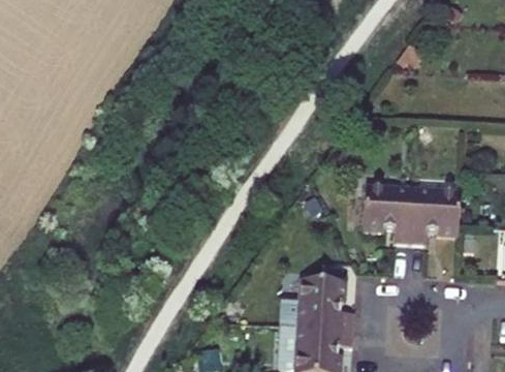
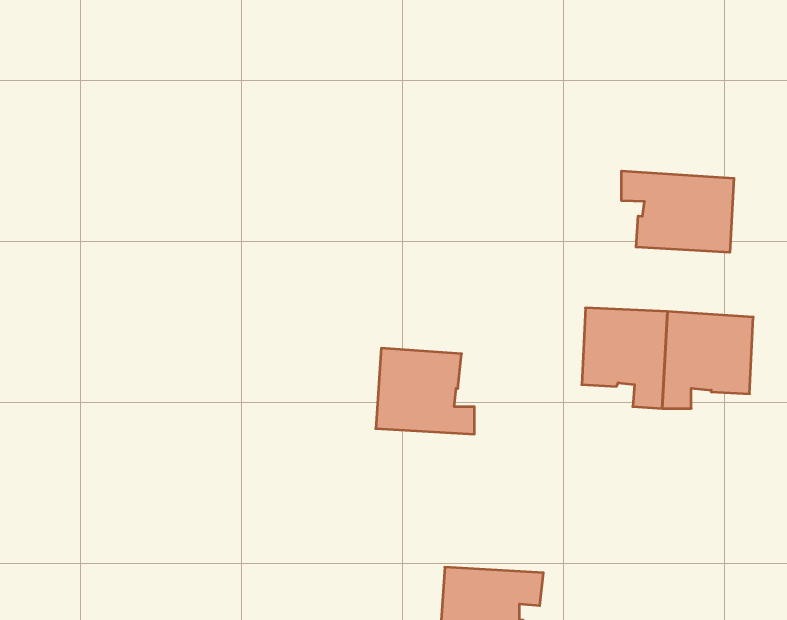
building: none -> [622,171,734,252]
building: [292,284,348,333] -> [376,348,474,434]

